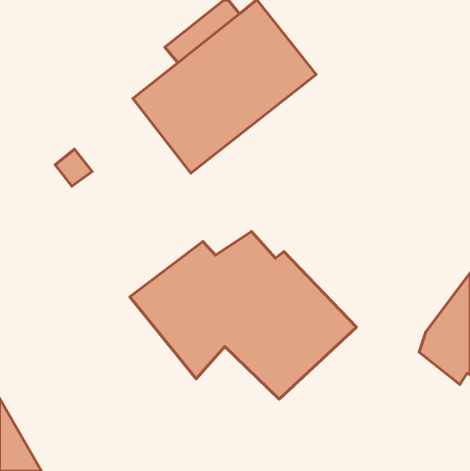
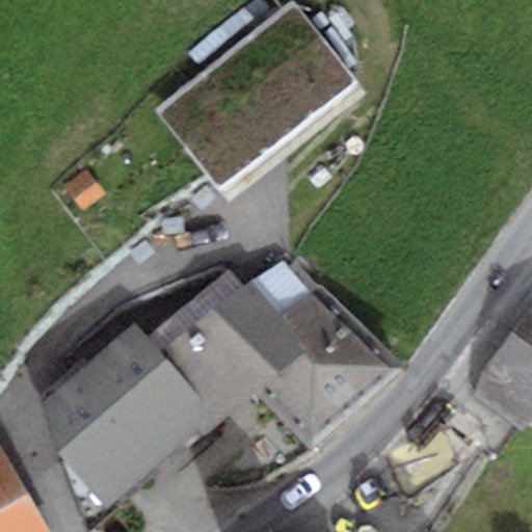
building: none -> [34,323,221,509]

